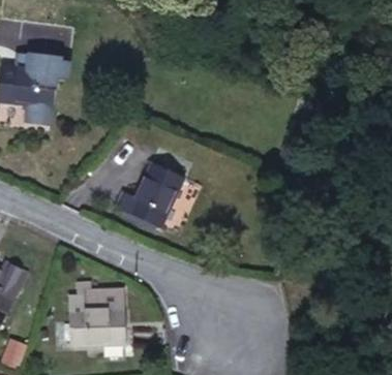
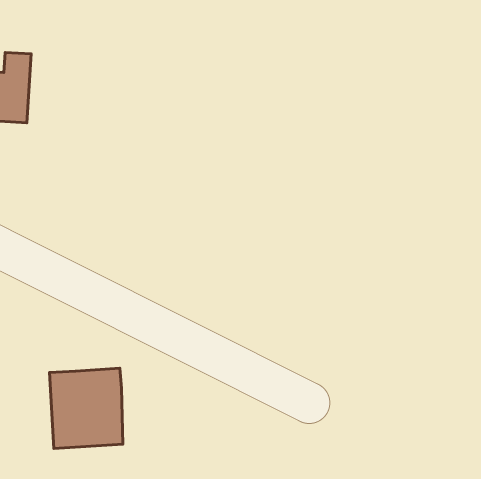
building: [114,162,185,229] -> none

